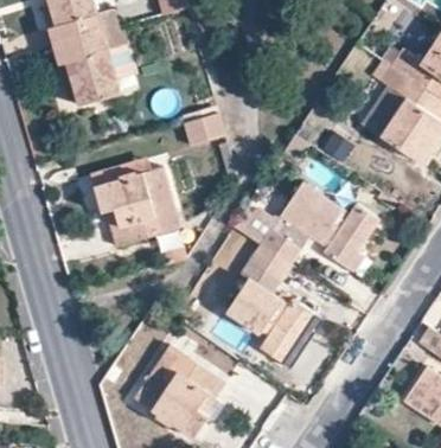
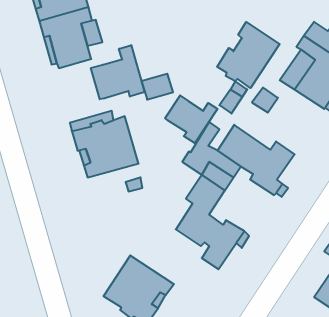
building: none -> [217,22,280,88]
building: none -> [91,45,145,99]
building: none -> [165,95,217,143]

